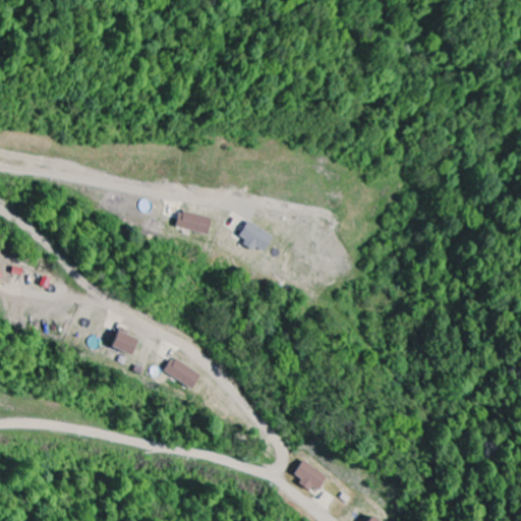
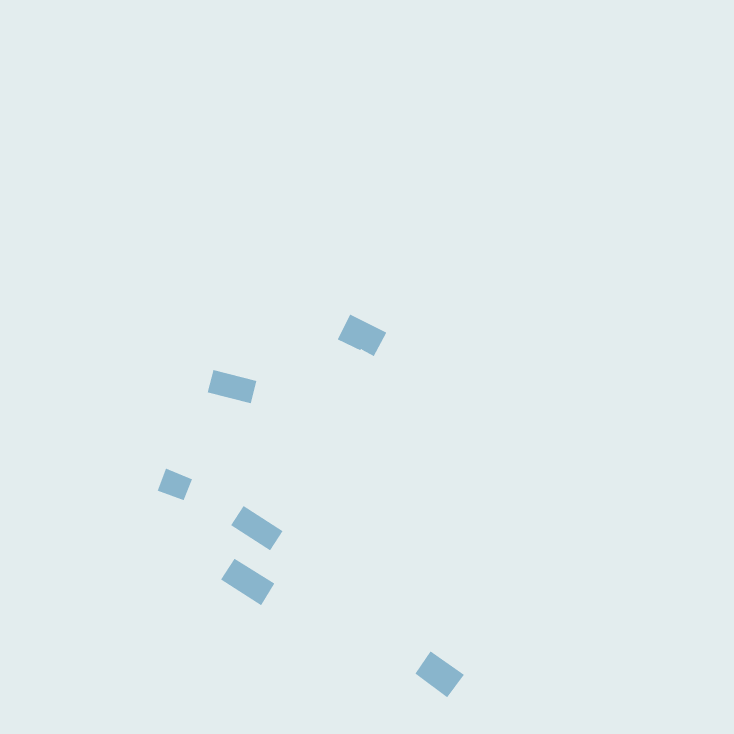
building: [175,210,211,234] -> [207,369,257,404]
building: none -> [220,558,275,606]

